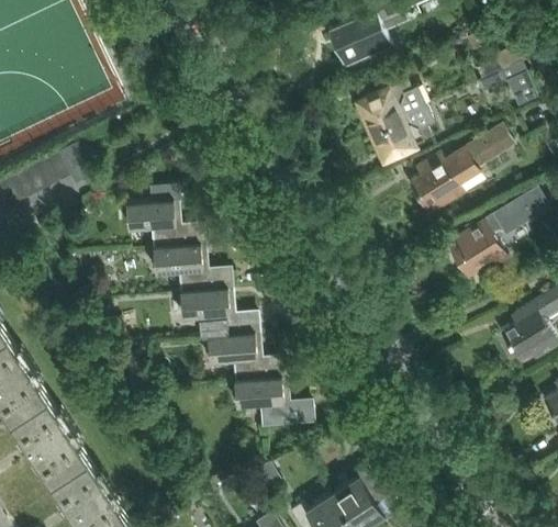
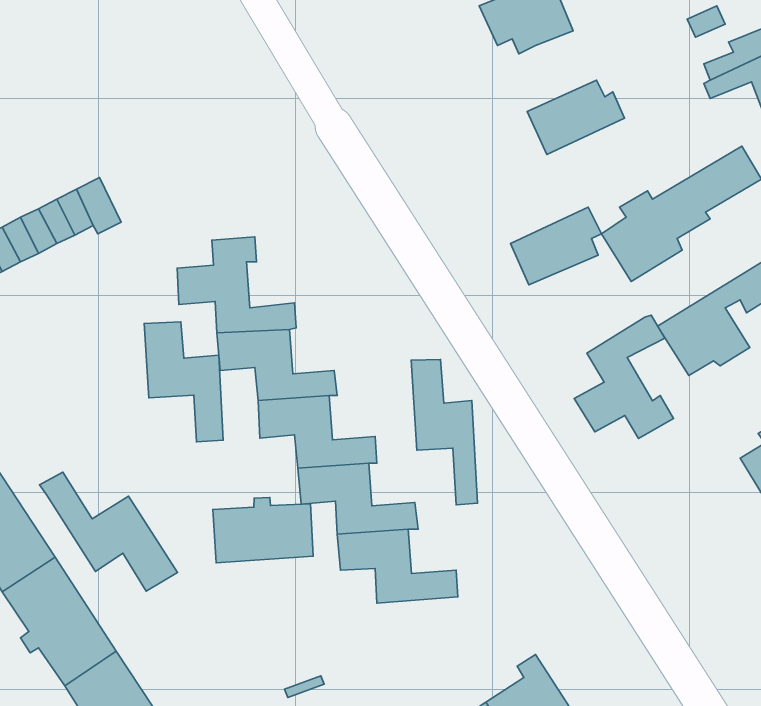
building: [372,105,433,157] -> [511,207,601,285]
building: none -> [574,315,674,439]
building: none -> [144,322,223,442]
building: none -> [411,359,477,505]
building: none -> [39,472,177,591]
building: none -> [213,497,313,563]

